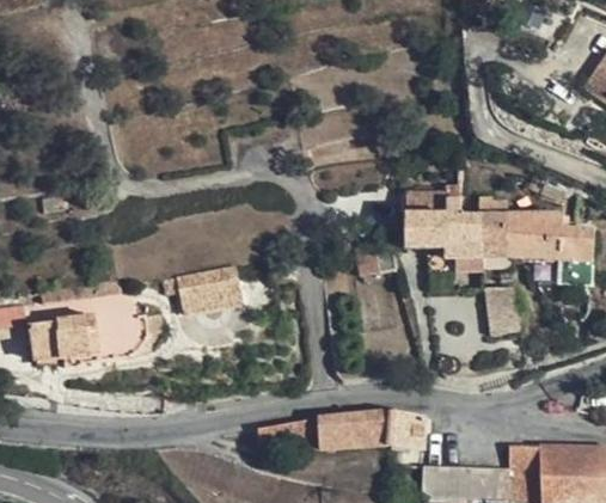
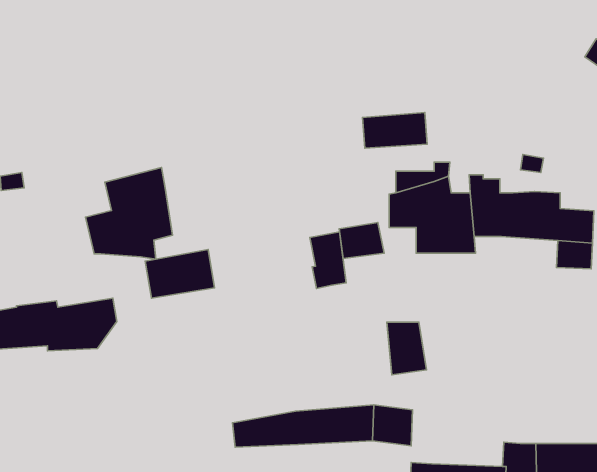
building: none -> [363,112,427,148]
building: none -> [85,168,172,259]
building: none -> [310,232,346,289]
building: [484,287,521,336] -> [387,322,427,375]

